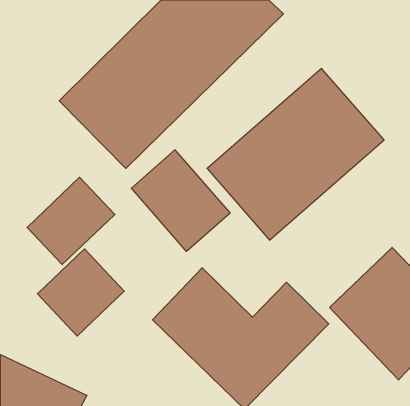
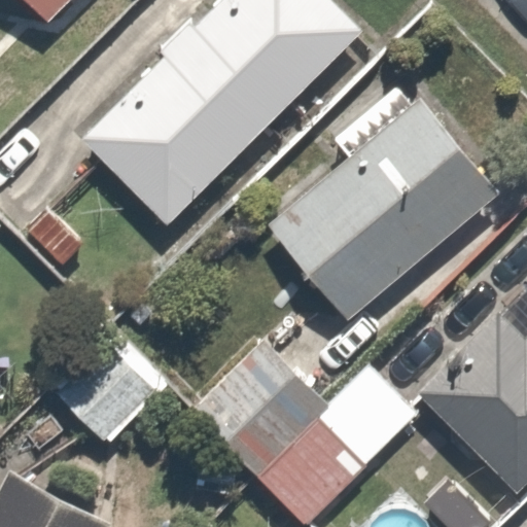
building: [131,150,230,251] -> none
building: [27,177,115,265] -> none

